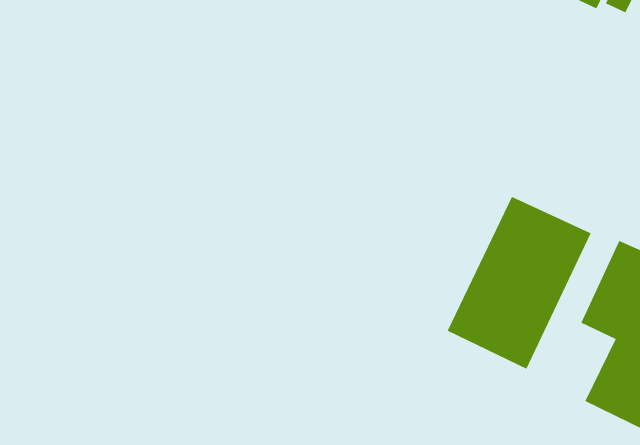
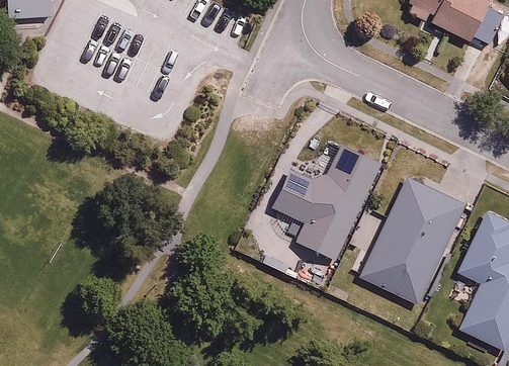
building: none -> [272,142,381,258]

